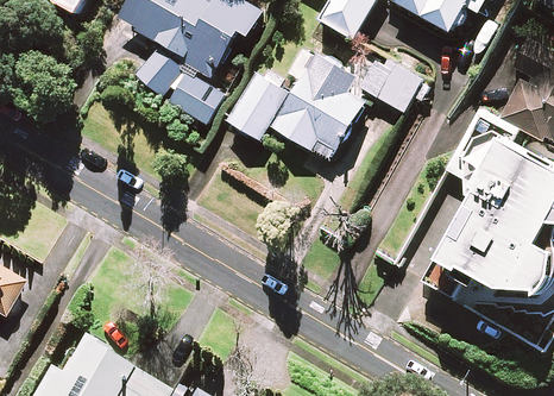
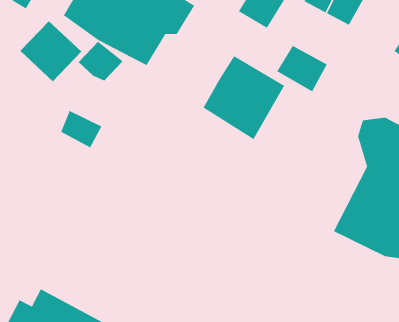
building: none -> [19,20,82,82]
building: [171,73,221,118] -> [60,110,103,148]
building: [227,75,289,142] -> none

